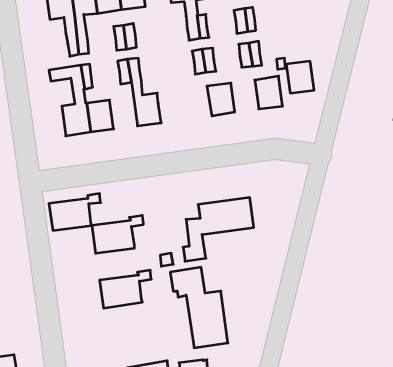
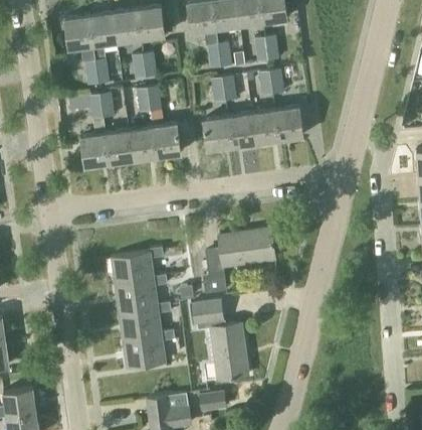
building: [286,61,314,93] -> [251,110,279,142]
building: none -> [203,116,232,149]
building: none -> [129,126,157,159]
building: [49,194,101,230] -> [115,275,167,312]
building: none -> [123,330,175,369]

